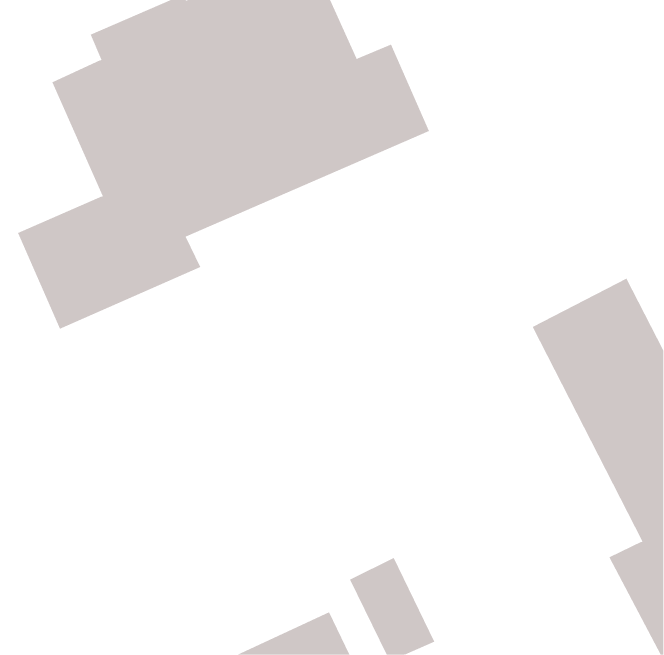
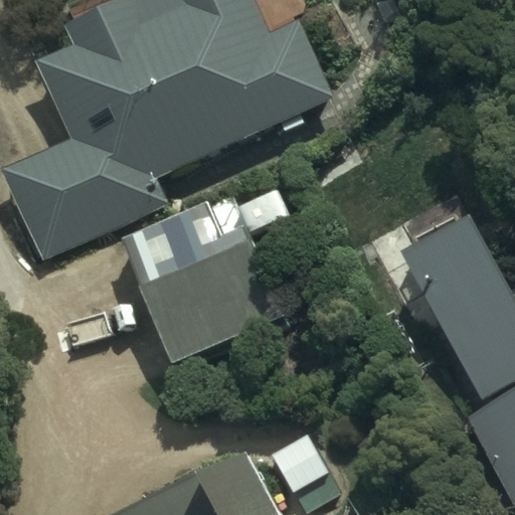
building: none -> [125,210,300,368]

